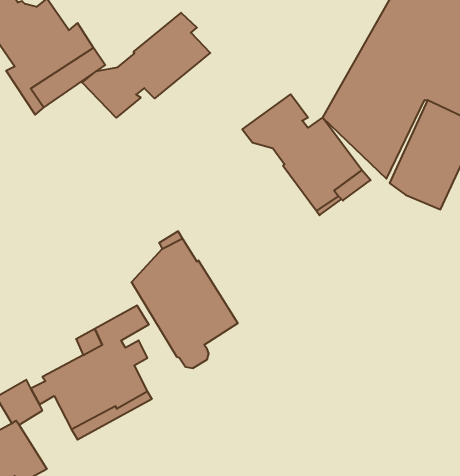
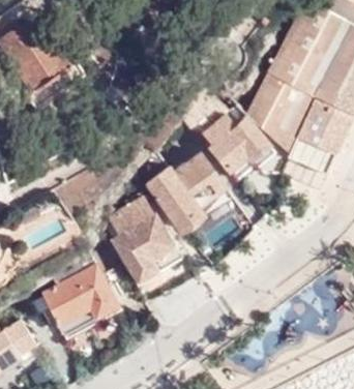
building: [82,13,210,118] -> none
building: none -> [141,148,238,230]

